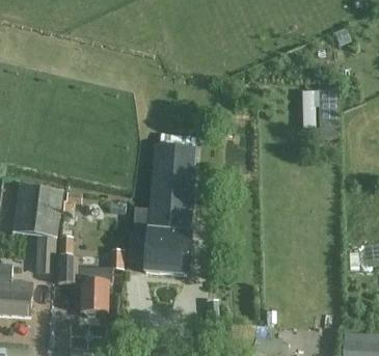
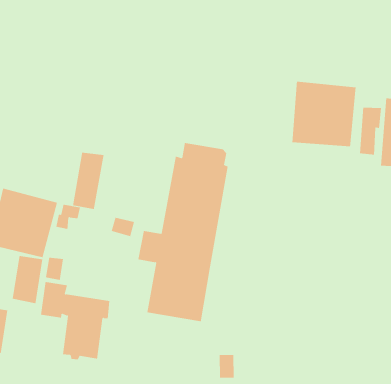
building: none -> [292,81,356,147]
building: none -> [72,152,104,210]

